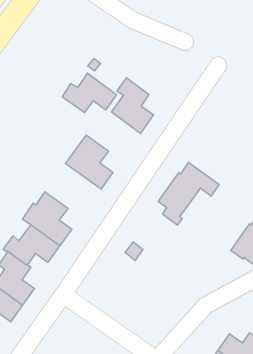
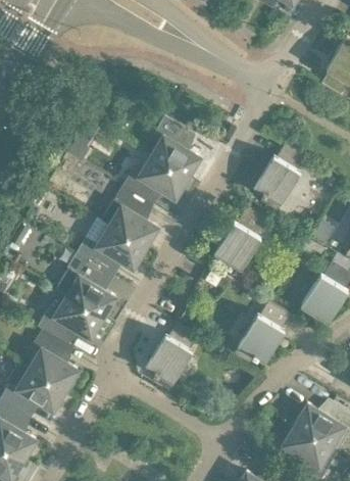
building: [62,73,117,113] -> [122,157,186,203]
building: none -> [254,144,306,211]
building: none -> [80,226,145,274]
building: none -> [234,302,290,364]
building: none -> [147,323,198,390]

